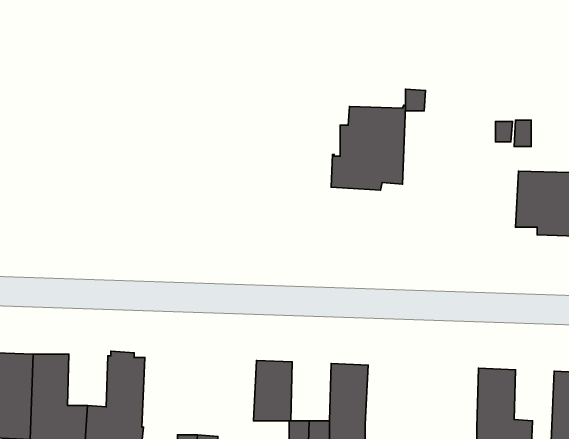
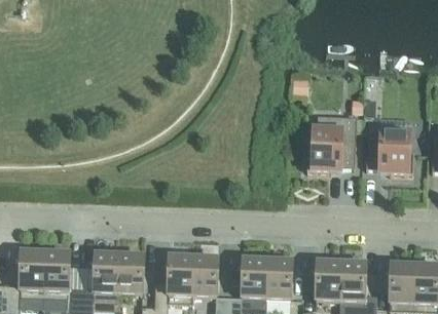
building: [331,105,405,190] -> [306,116,356,172]
building: none -> [117,254,143,301]
building: none -> [167,257,193,304]
building: none -> [265,260,291,300]
building: none -> [316,262,340,301]

